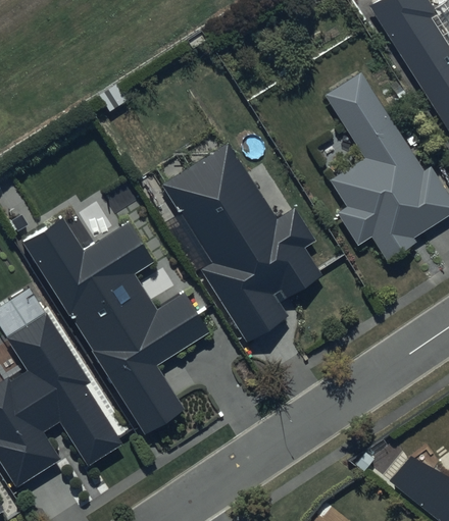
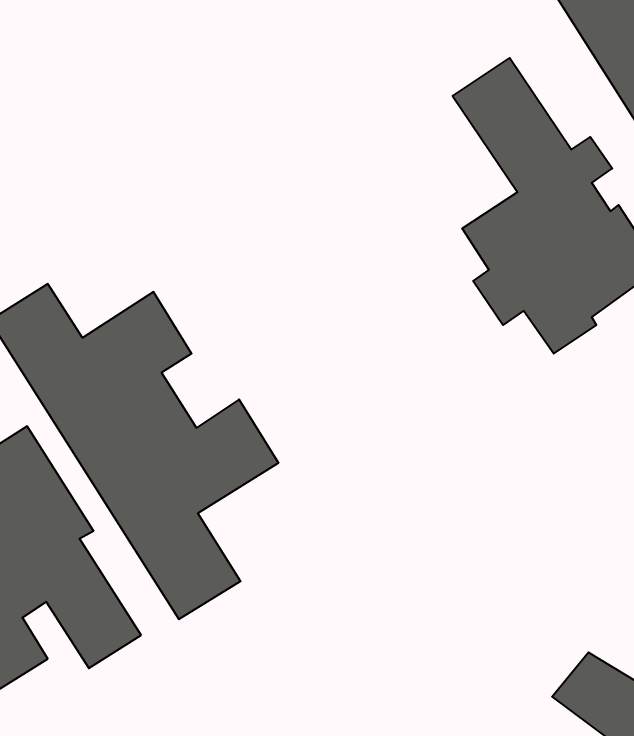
building: [163,144,323,341] -> none

